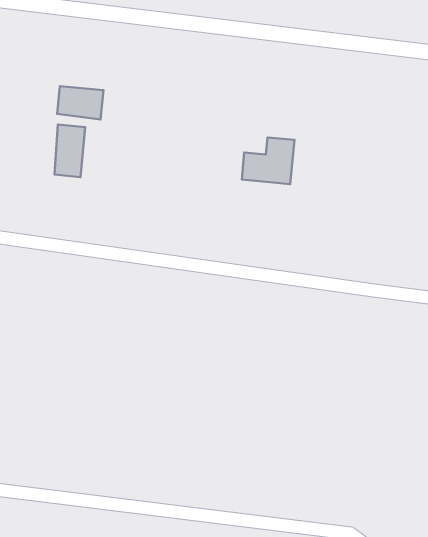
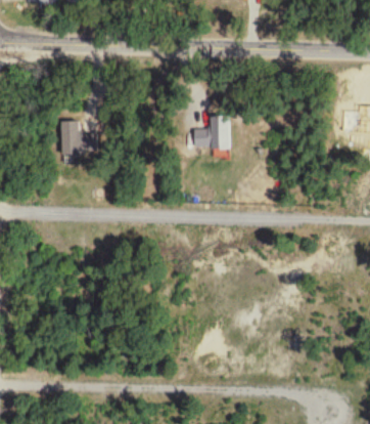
building: [57,86,103,120] -> none

